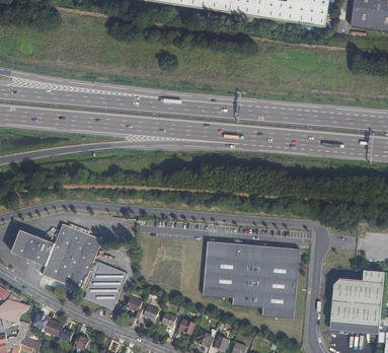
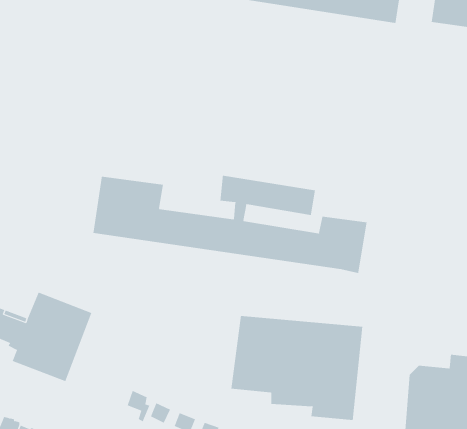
building: none -> [93,175,367,274]
building: [80,260,127,308] -> none

